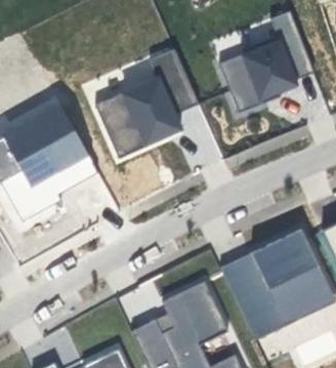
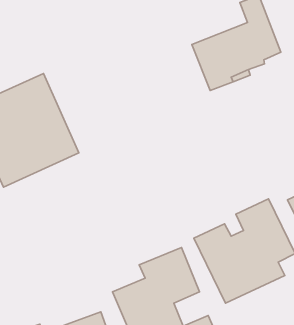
building: [90,48,197,159] -> none

